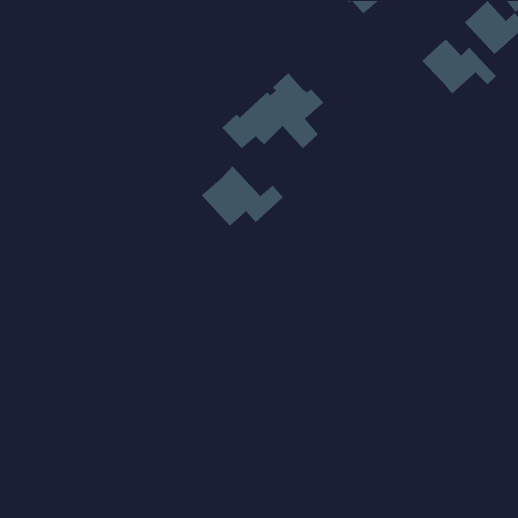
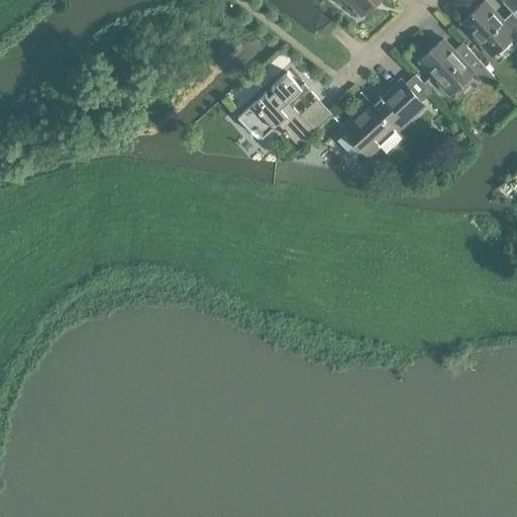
building: none -> [337,80,426,160]
building: [201,166,284,226] -> none

